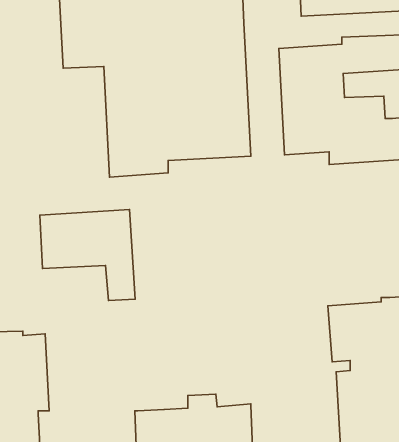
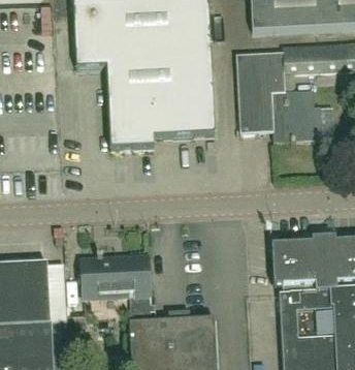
building: [40,210,135,301] -> [80,254,151,321]

